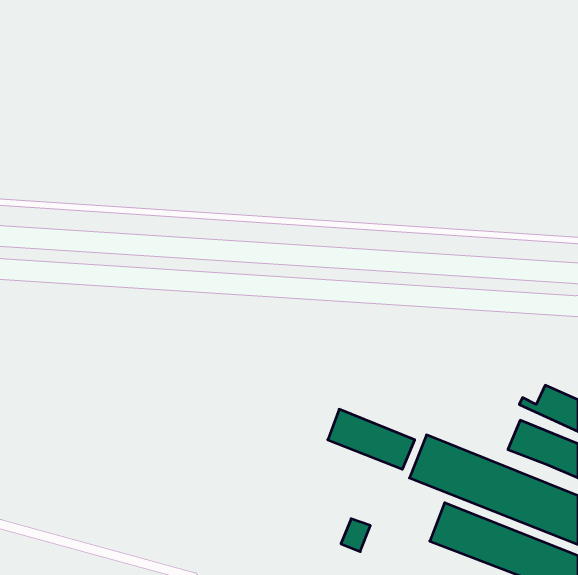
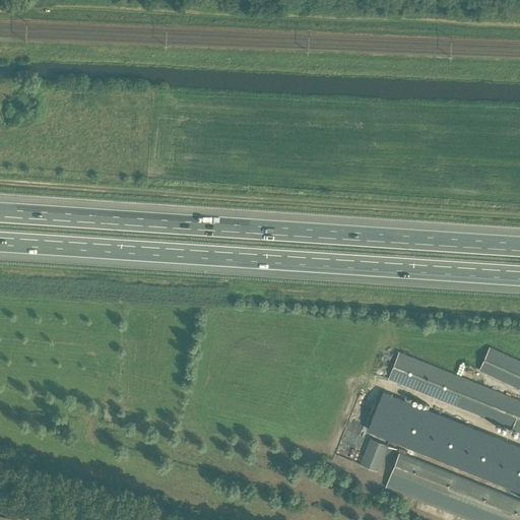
building: [328,409,415,469] -> [389,352,467,406]
building: [341,519,370,552] -> [361,443,387,472]

